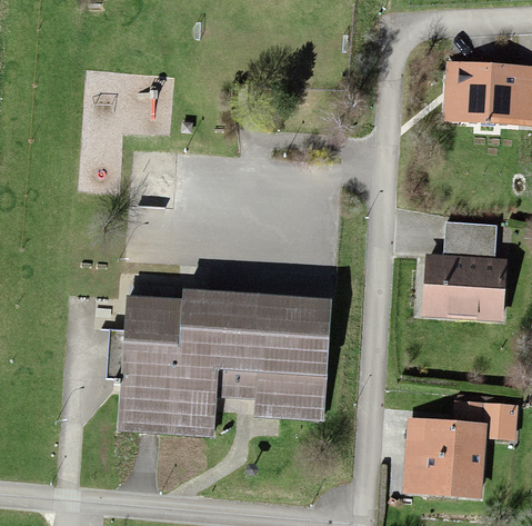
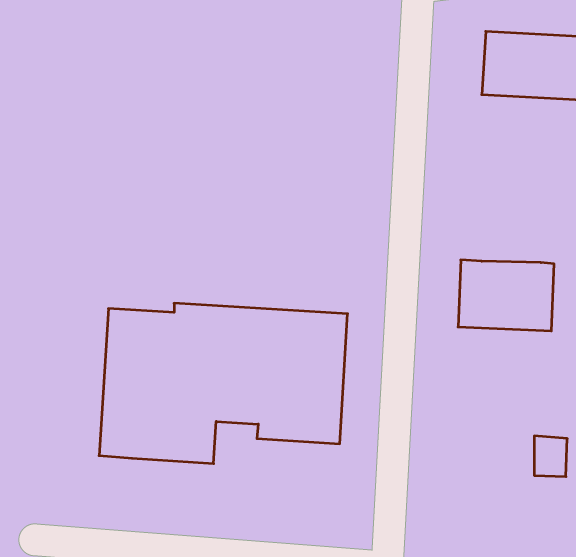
building: [444,224,495,258] -> none
building: [404,398,483,496] -> none

